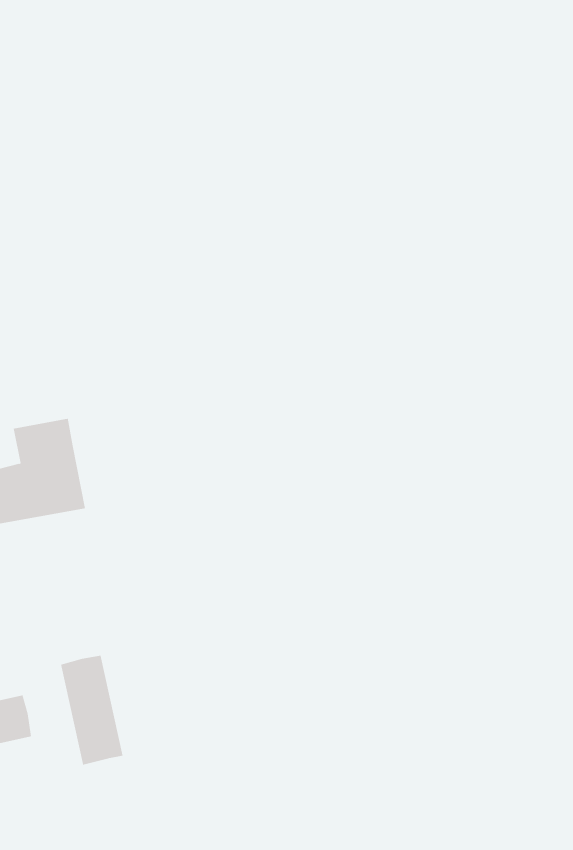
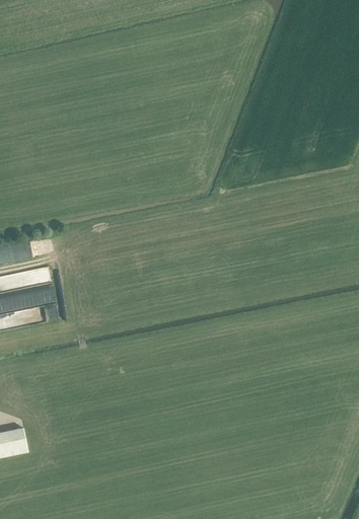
building: [61,655,123,766] -> none

